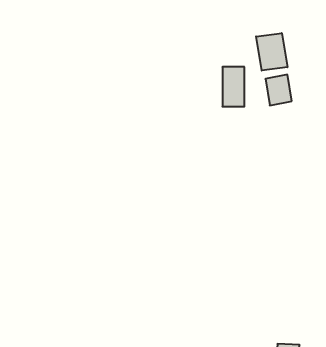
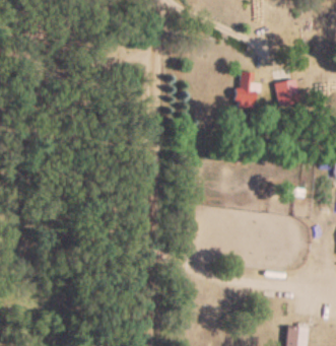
building: [256,33,287,71] -> none

